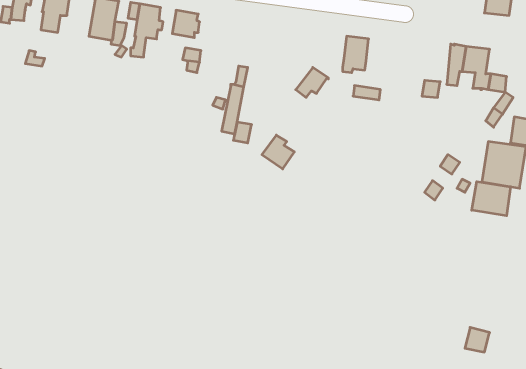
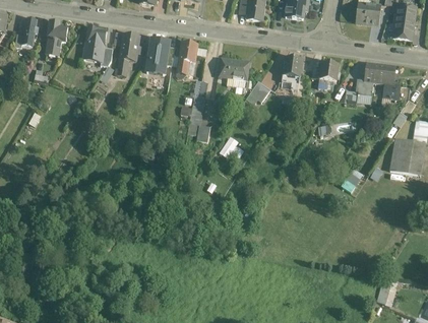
building: none -> [176,42,197,73]
building: none -> [219,58,248,79]
building: none -> [318,62,339,90]
building: [472,182,511,216] -> none

